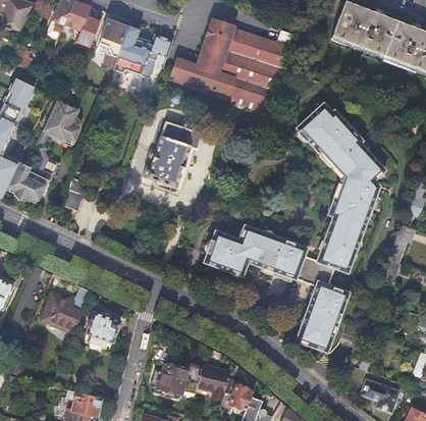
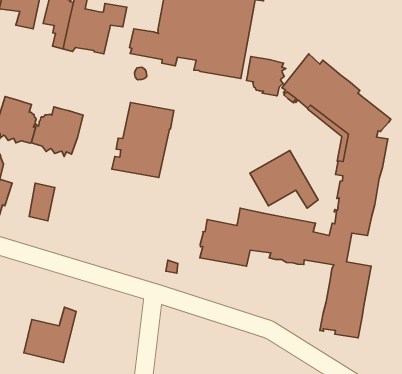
building: none -> [247,57,286,96]
building: none -> [32,107,83,157]
building: none -> [250,151,318,208]
building: [87,312,120,341] -> none

